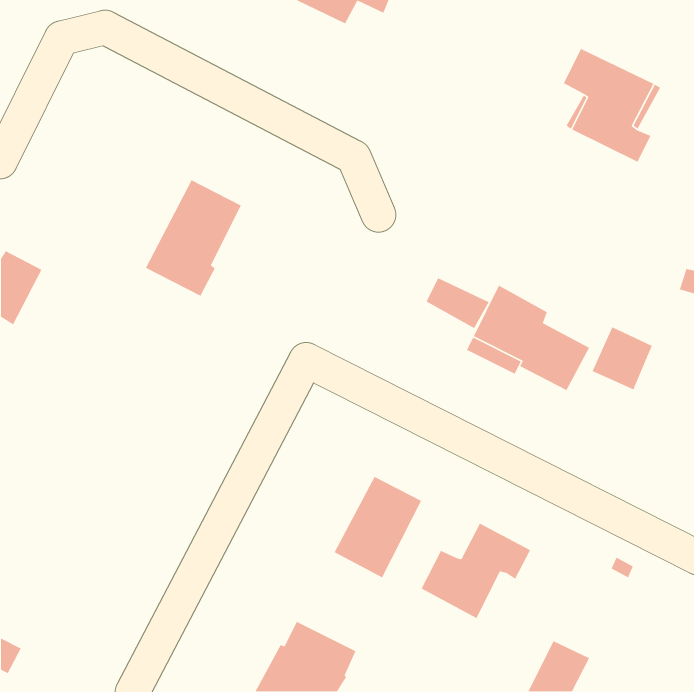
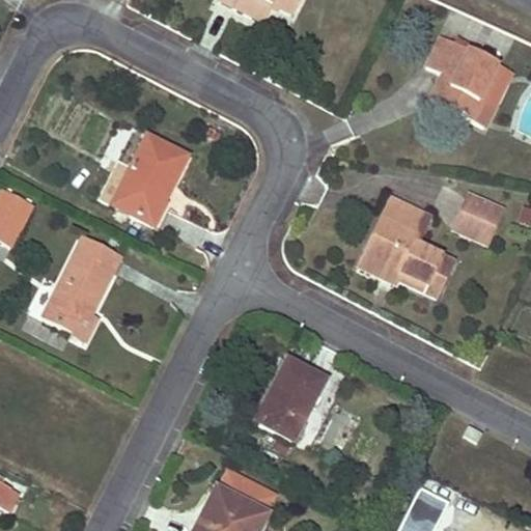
building: [425,277,490,329] -> [382,197,430,236]
building: none -> [43,235,121,339]
building: [591,326,653,391] -> [454,193,501,242]
building: [420,523,531,619] -> none

